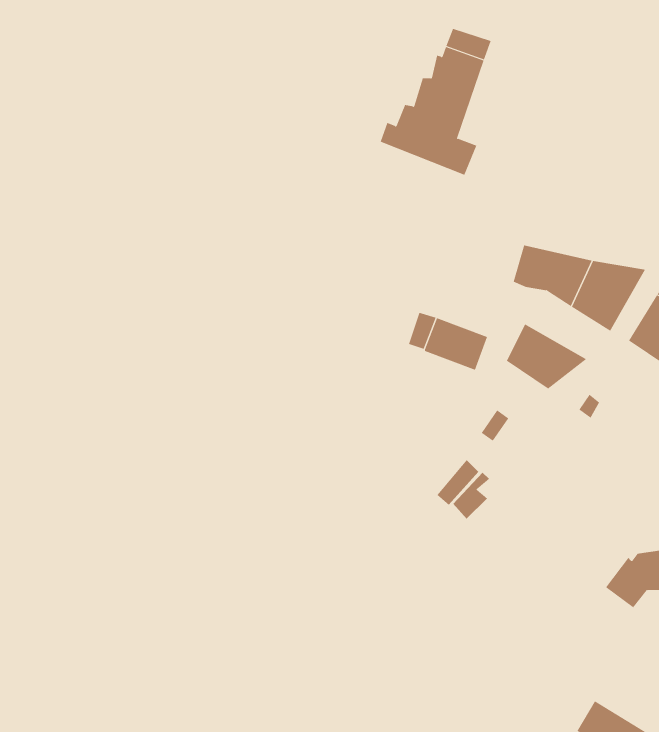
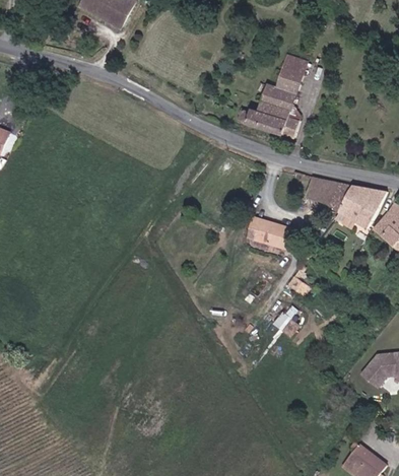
building: [506,324,587,390] -> none

